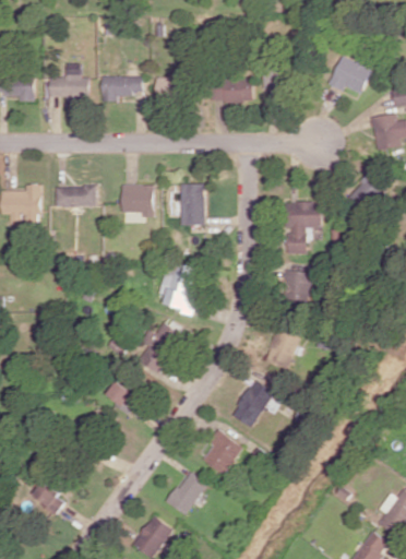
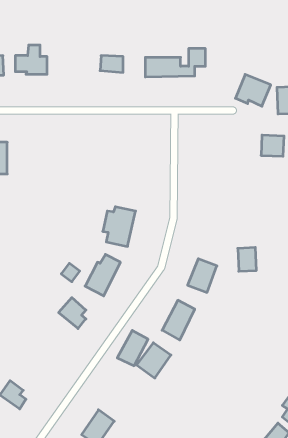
building: [327,55,371,94] -> [235,74,271,106]
building: [100,75,141,100] -> none
building: [178,183,203,225] -> none
building: [120,185,153,217] -> none
building: [55,186,96,206] -> none
building: [286,202,322,253] -> none
building: [285,271,308,300] -> [238,247,256,271]
building: [166,471,204,514] -> [117,330,148,366]

